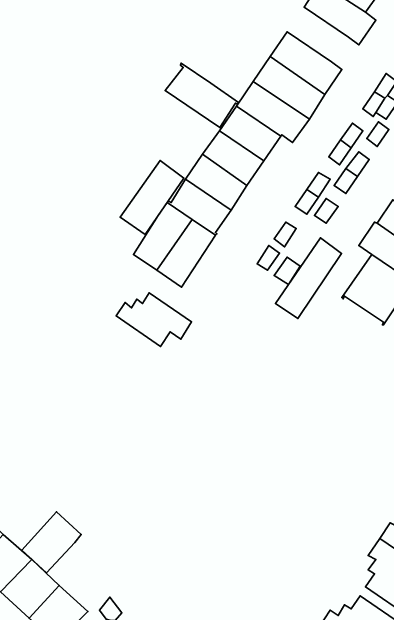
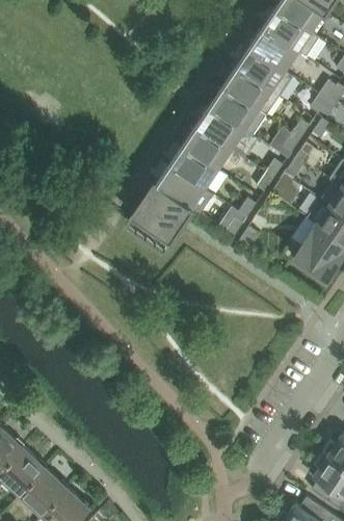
building: none -> [249,27,298,71]
building: [165,63,238,127] -> none
building: [120,160,184,235] -> none
building: [276,238,342,318] -> none
building: [116,293,191,347] -> none
building: [22,512,81,573] -> none

